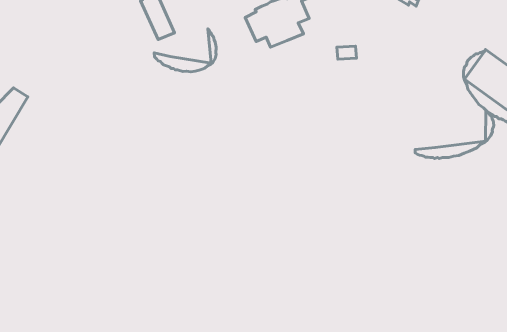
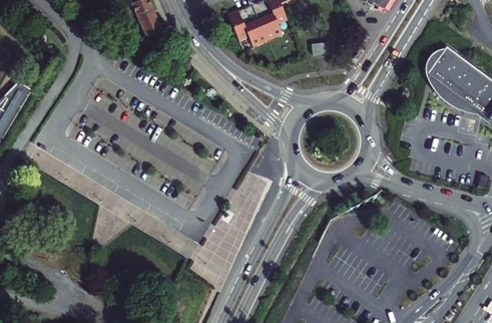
building: [154,29,216,72] -> none
building: [415,111,494,158] -> none

